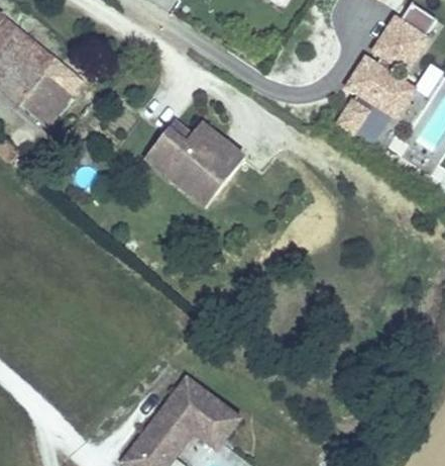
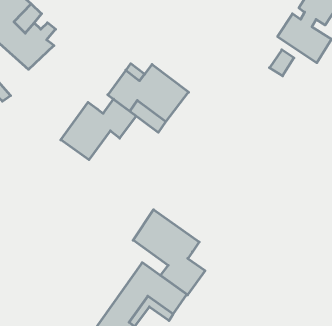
building: none -> [61,99,136,160]
building: none -> [133,210,205,295]

